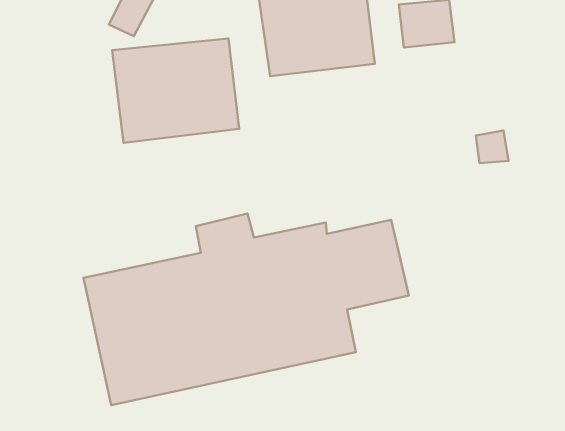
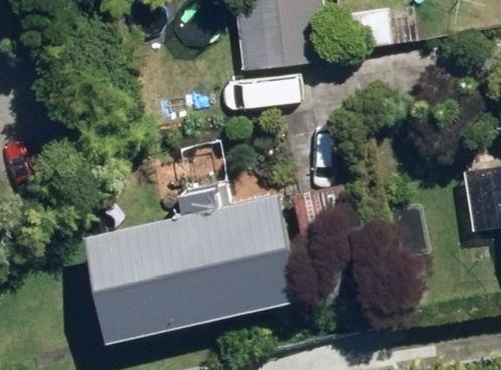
building: [112,38,239,143] -> none

